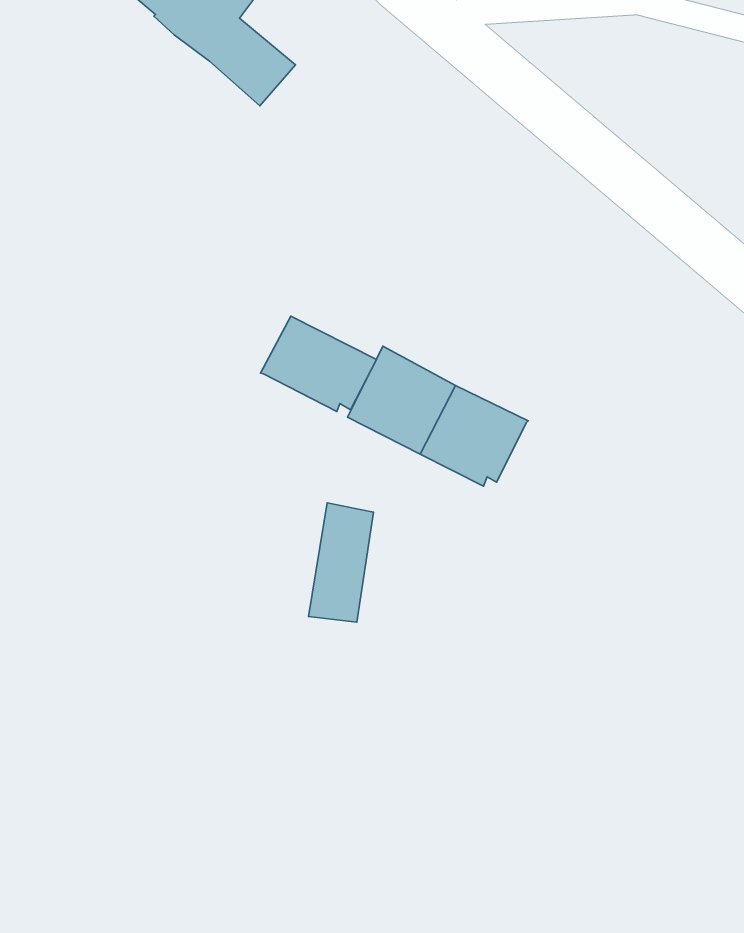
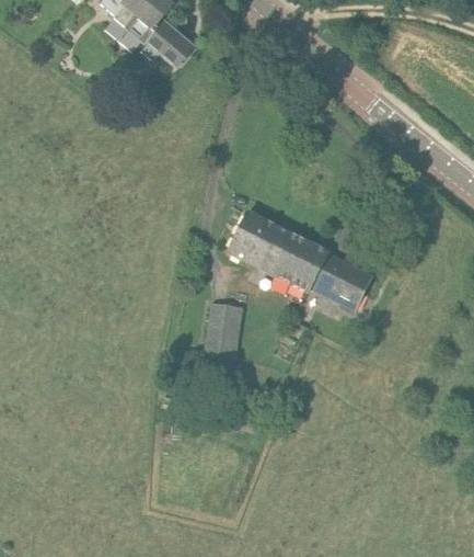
building: [260,316,376,412] -> none
building: none -> [313,254,371,309]

